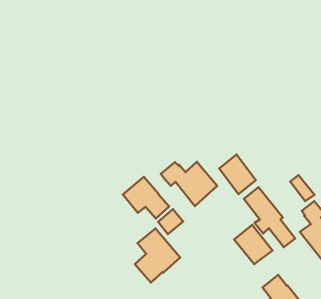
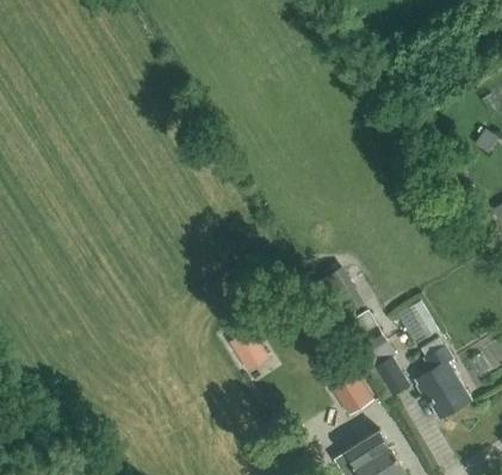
building: [161,162,217,206] -> none
building: [123,177,169,218] -> none
building: [135,229,180,283] -> none

